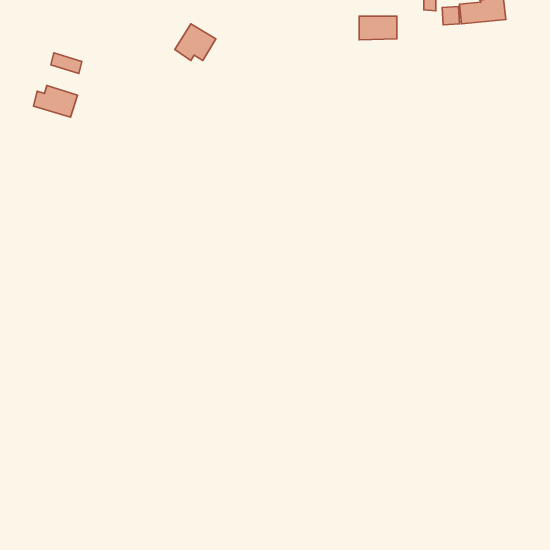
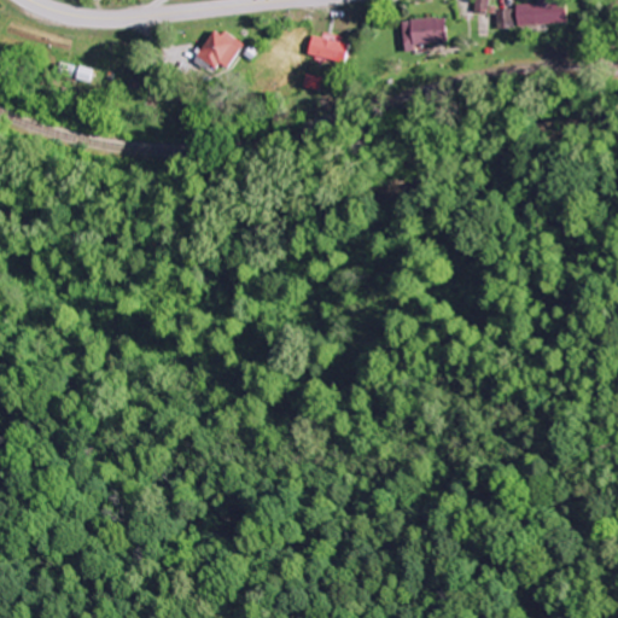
building: none -> [307,35,348,62]
building: [33,86,77,117] -> none

